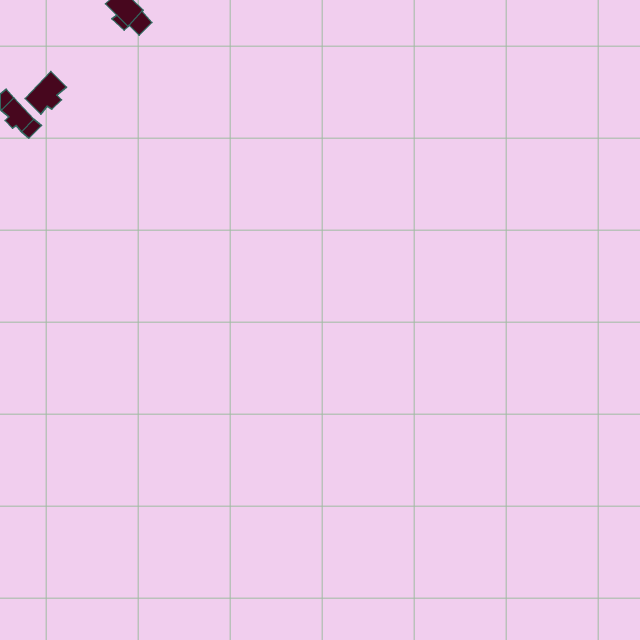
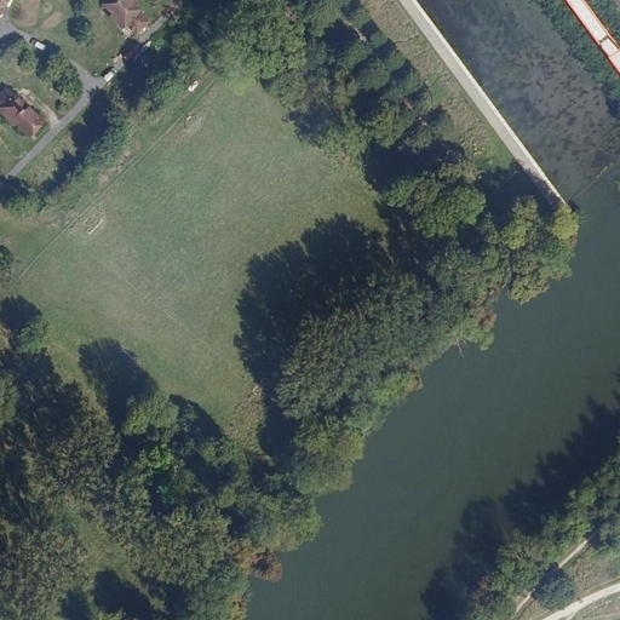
building: [25,72,66,114] -> none

